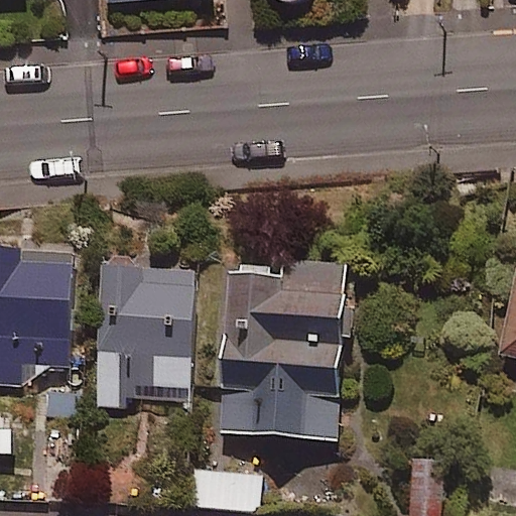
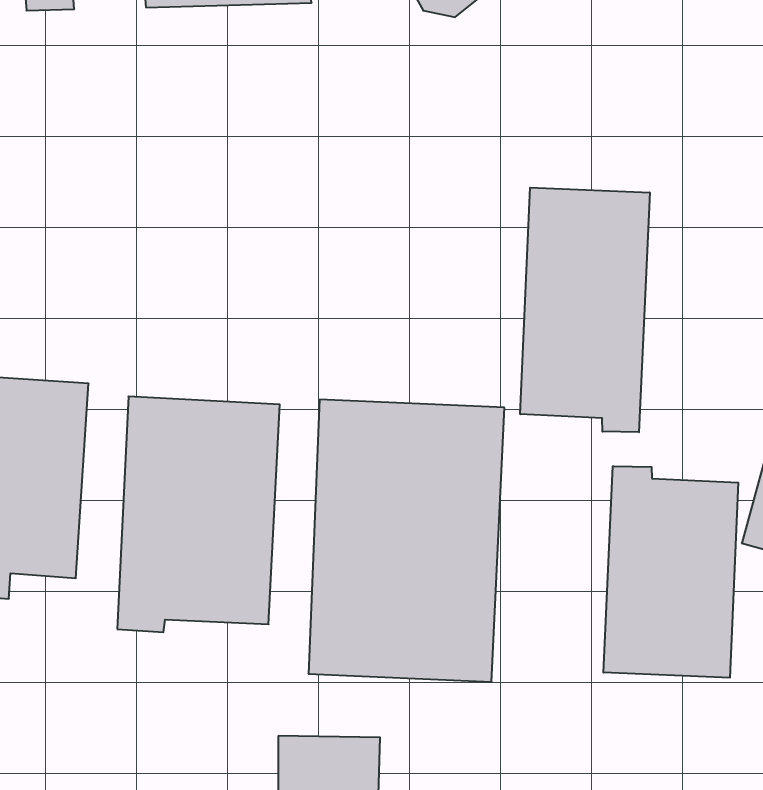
building: none -> [520,188,650,432]
building: none -> [603,466,738,678]

